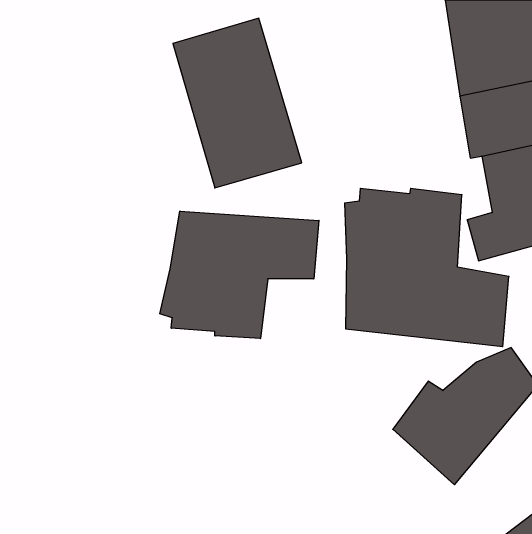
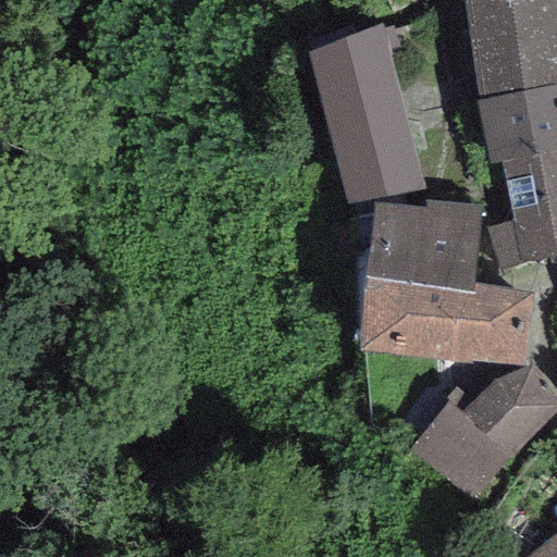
building: [173,18,302,188] -> [295,28,429,205]
building: [160,211,319,339] -> none

